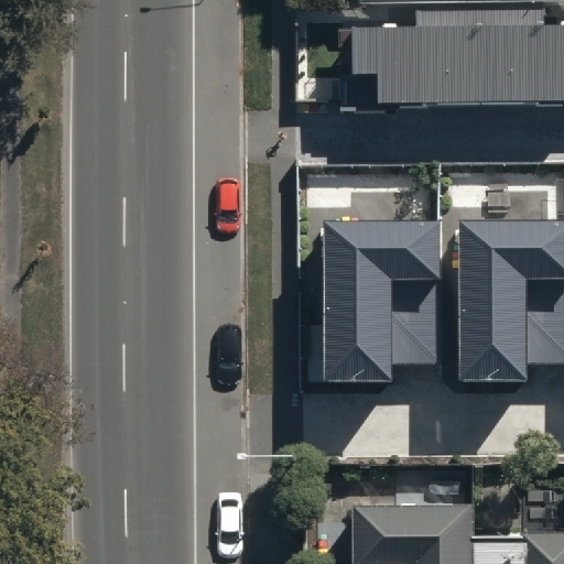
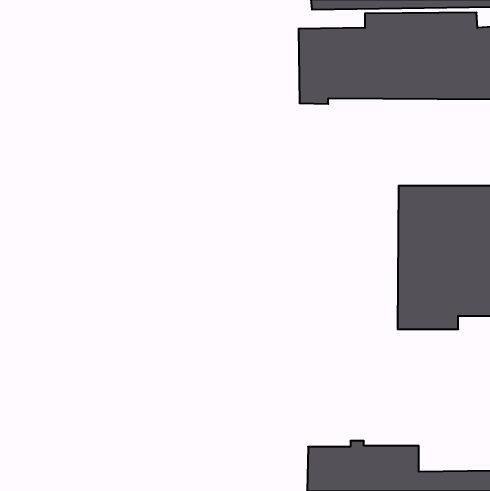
building: [323,209,442,375] -> none

